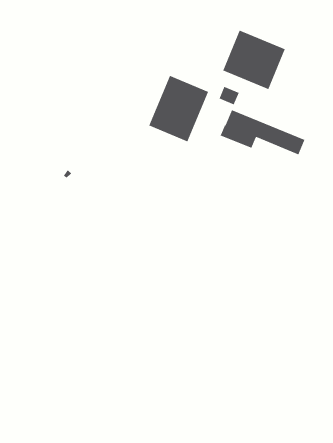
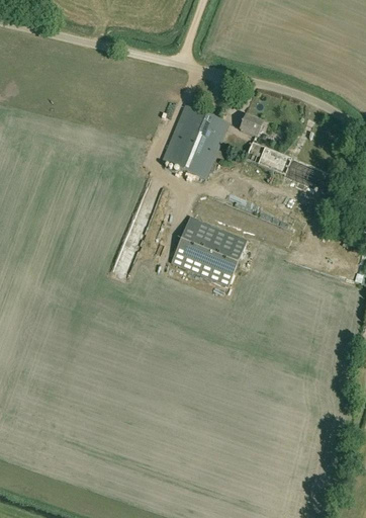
building: [222,30,286,90] -> none
building: none -> [171,213,248,283]

